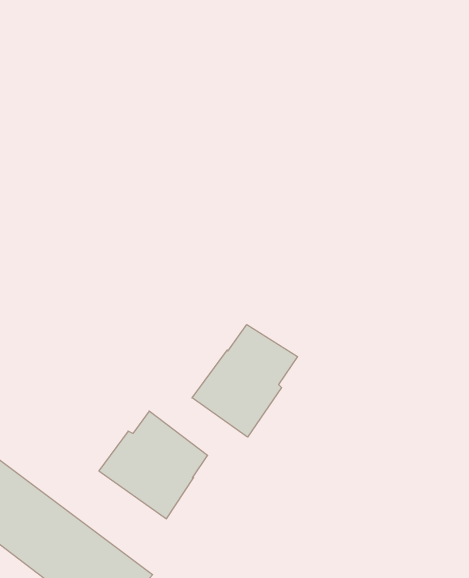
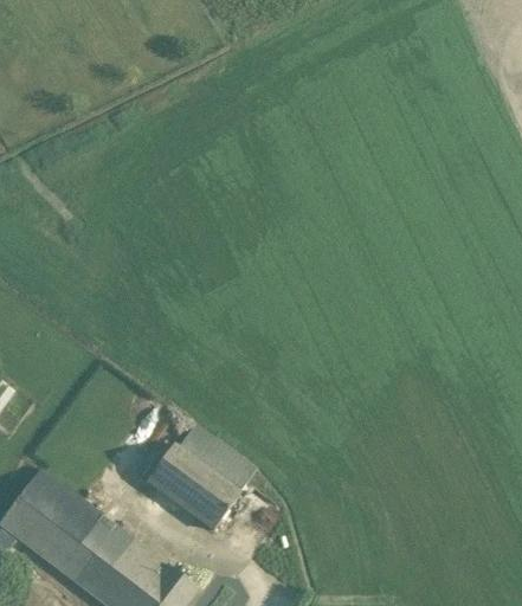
building: [192,325,298,437] -> none

